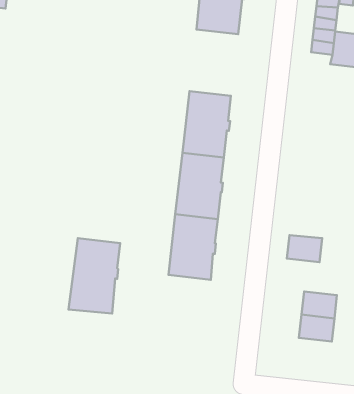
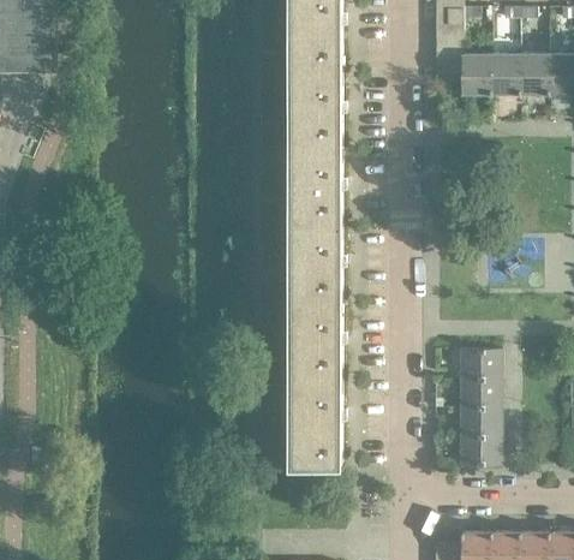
building: none -> [288,71,342,148]
building: [287,235,322,262] -> [458,348,498,379]
building: [69,238,120,313] -> [287,377,342,466]
building: none -> [458,436,498,465]

